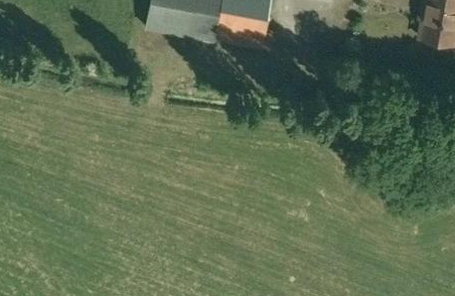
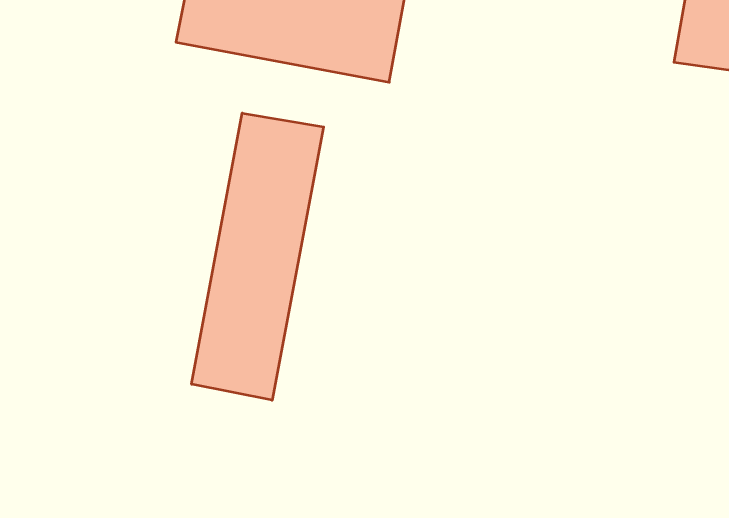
building: none -> [192,113,324,400]

